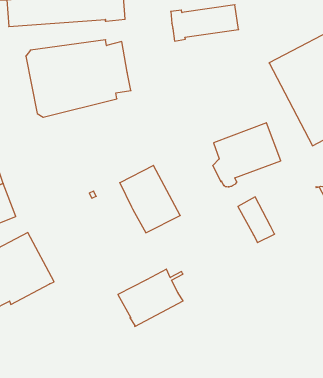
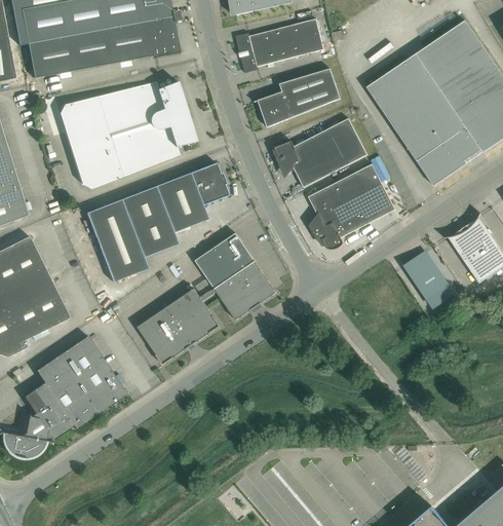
building: none -> [253,64,340,127]
building: none -> [274,118,366,187]
building: none -> [85,162,228,281]
building: [238,197,275,243] -> [403,251,454,308]
building: [118,269,183,326] -> [137,288,220,365]

